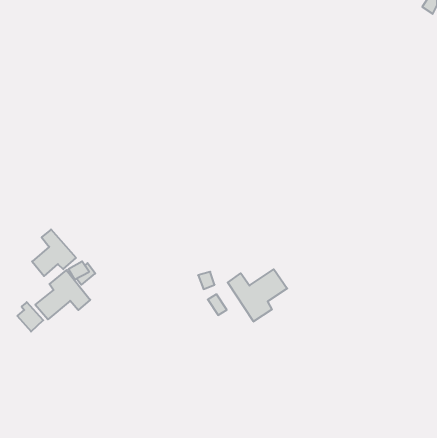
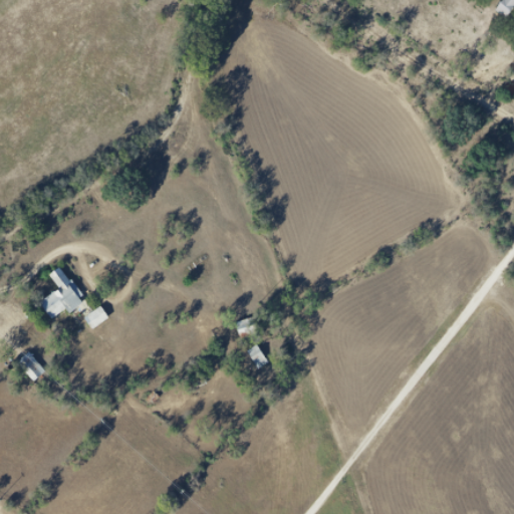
building: [228,269,287,322] -> none
building: [35,270,90,319] -> none

